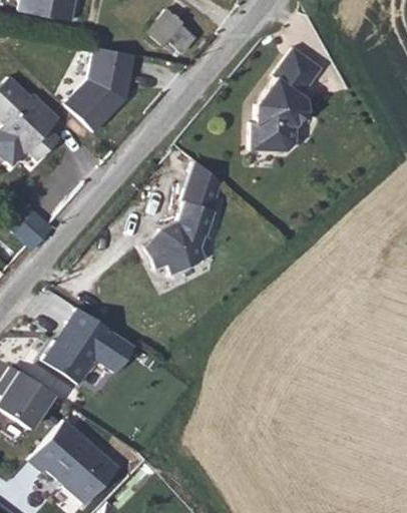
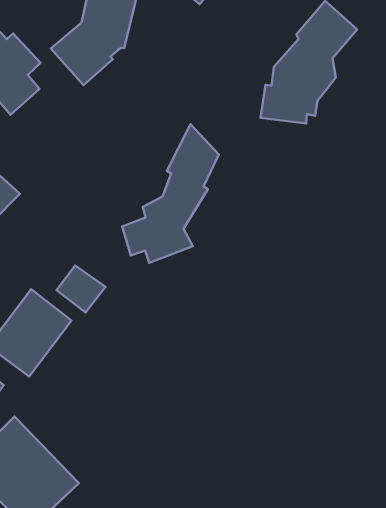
building: [90,331,131,370] -> [57,265,105,312]

